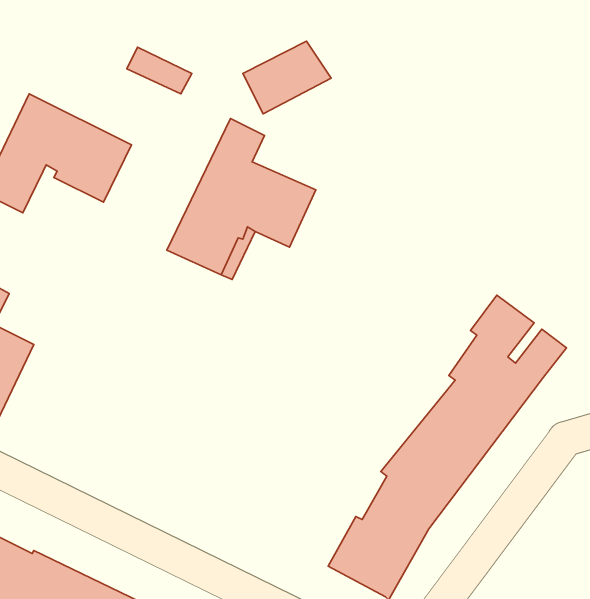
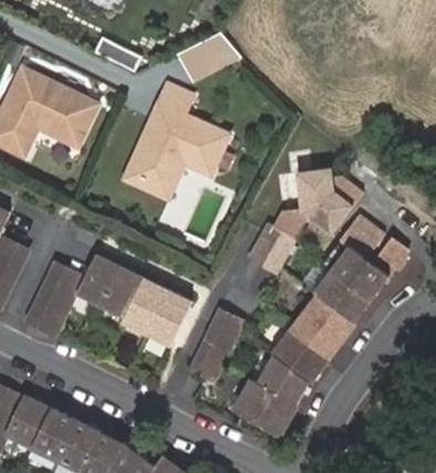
building: none -> [247,168,363,274]
building: none -> [27,254,193,346]
building: none -> [190,310,245,382]

